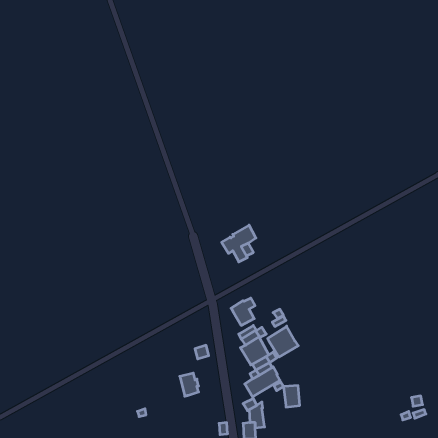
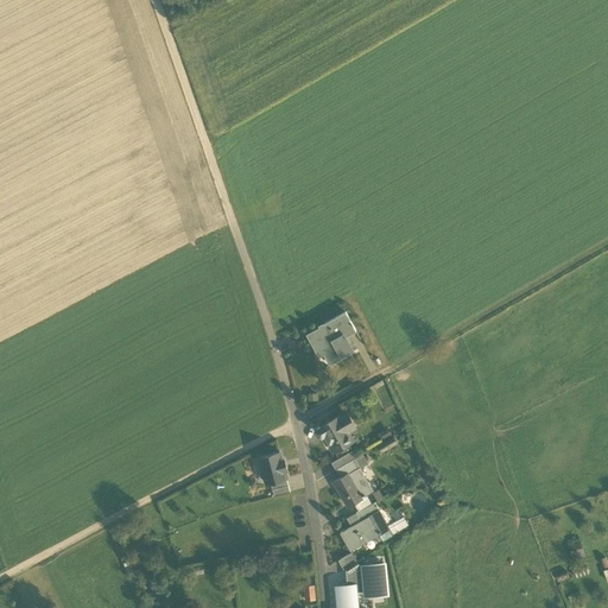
building: [268,326,298,357] -> none
building: [180,373,199,396] -> [259,452,285,484]
building: [283,386,300,407] -> [362,564,385,594]

